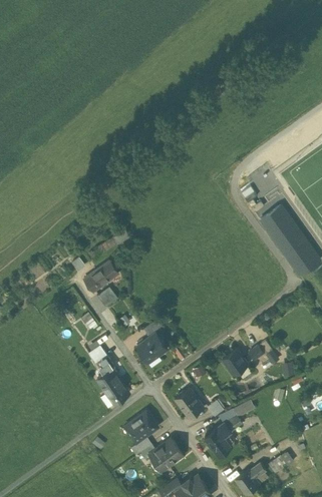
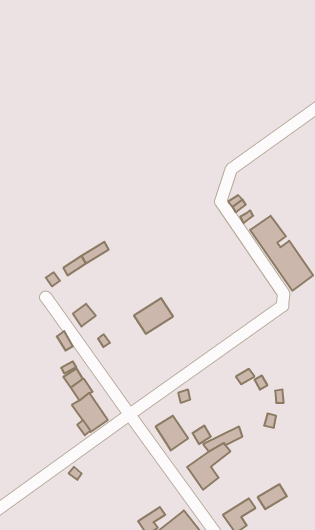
building: [84,261,117,291] -> none
building: [134,333,171,366] -> [134,298,173,334]
building: [221,350,248,378] -> none
building: [122,411,159,446] -> none
building: [145,439,186,476] -> none

